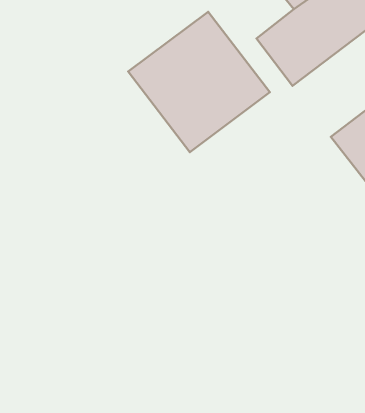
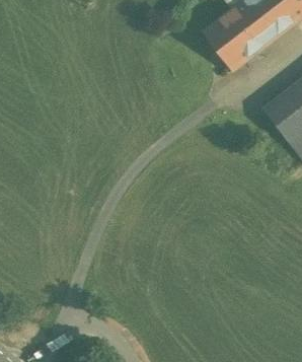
building: [128,12,270,152] -> none

